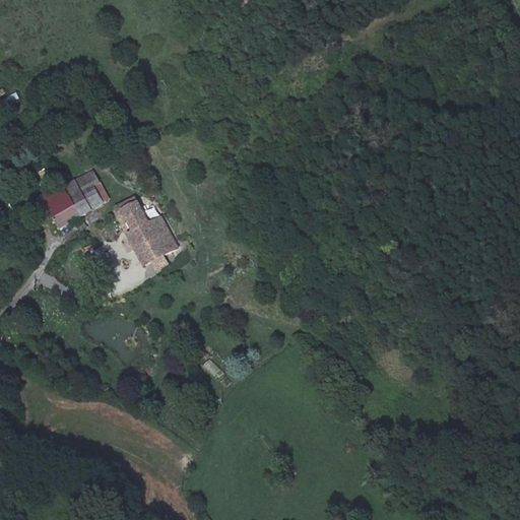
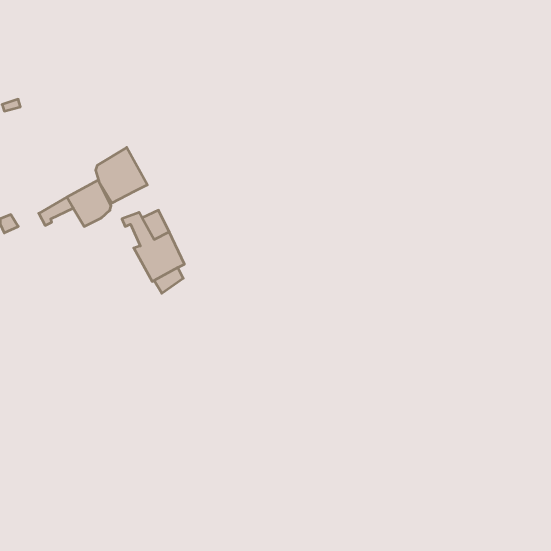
building: none -> [96,147,147,203]
building: [48,196,79,225] -> none

